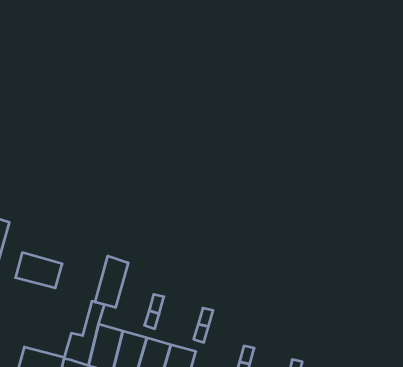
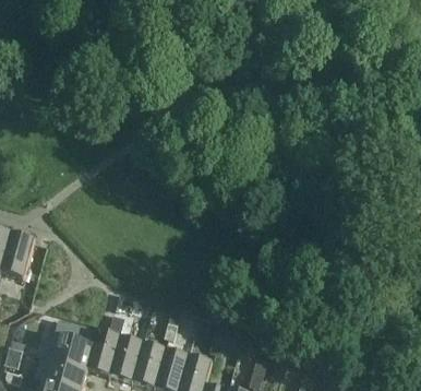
building: [15,253,62,288] -> [48,331,93,365]
building: [95,256,128,308] -> none

